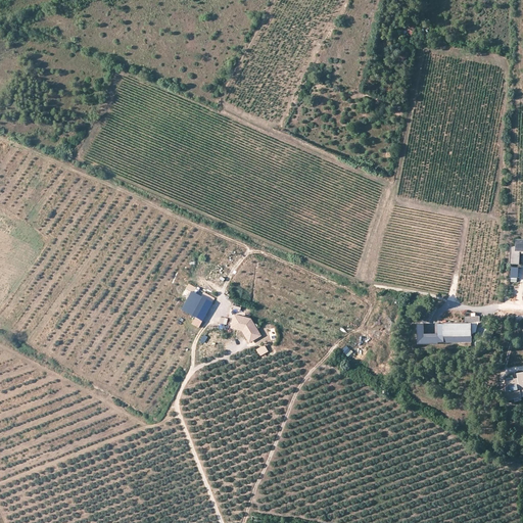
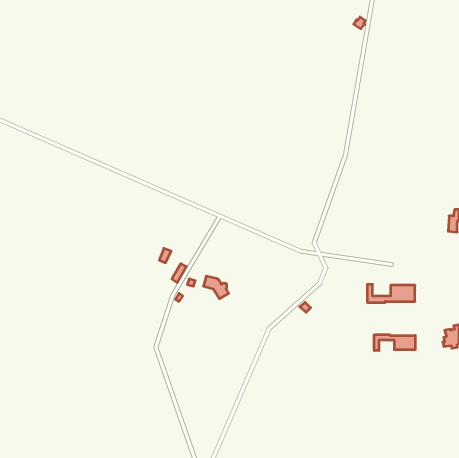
building: none -> [374,335,415,351]

